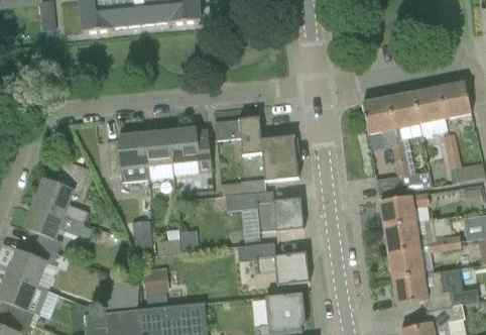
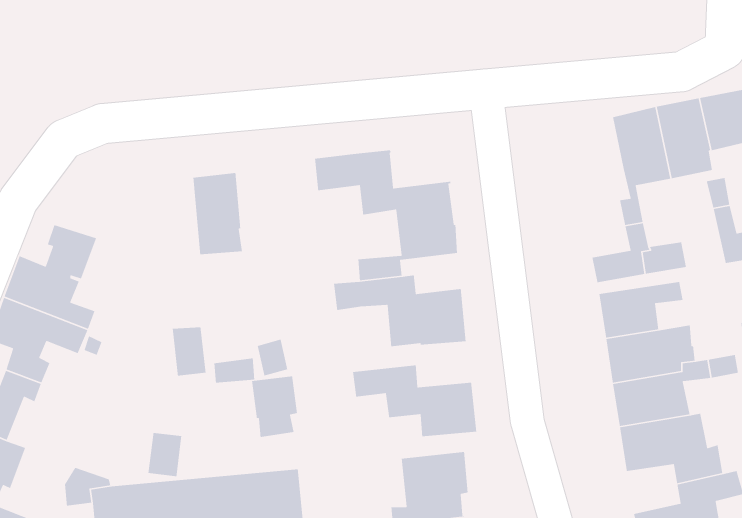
building: [362,98,398,148] -> none
building: [169,128,212,175] -> none
building: [107,133,148,182] -> none
building: [142,268,169,305] -> [251,375,298,438]

